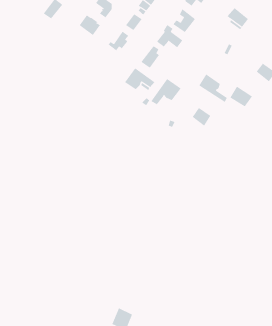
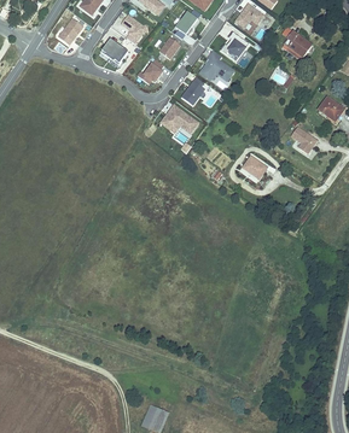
building: [199,74,227,103] -> none
building: [151,78,181,105] -> none

